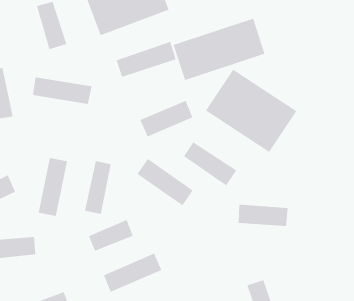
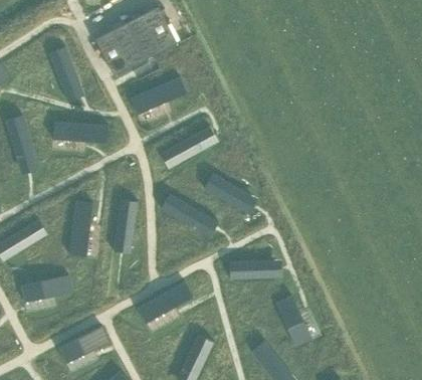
building: [173,18,265,81] -> none
building: [205,69,297,153] -> none
building: [238,204,288,226] -> [229,258,277,277]
building: [88,219,133,252] -> none

